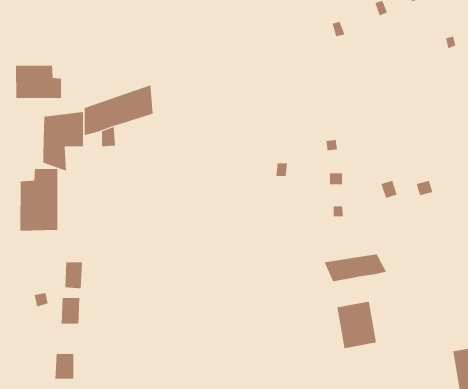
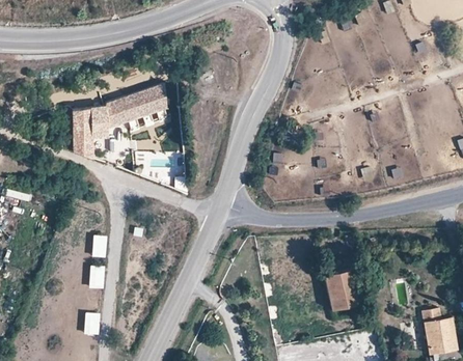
building: [15,65,62,99] -> none
building: [20,168,58,231] -> none
building: [324,253,387,282] -> none

